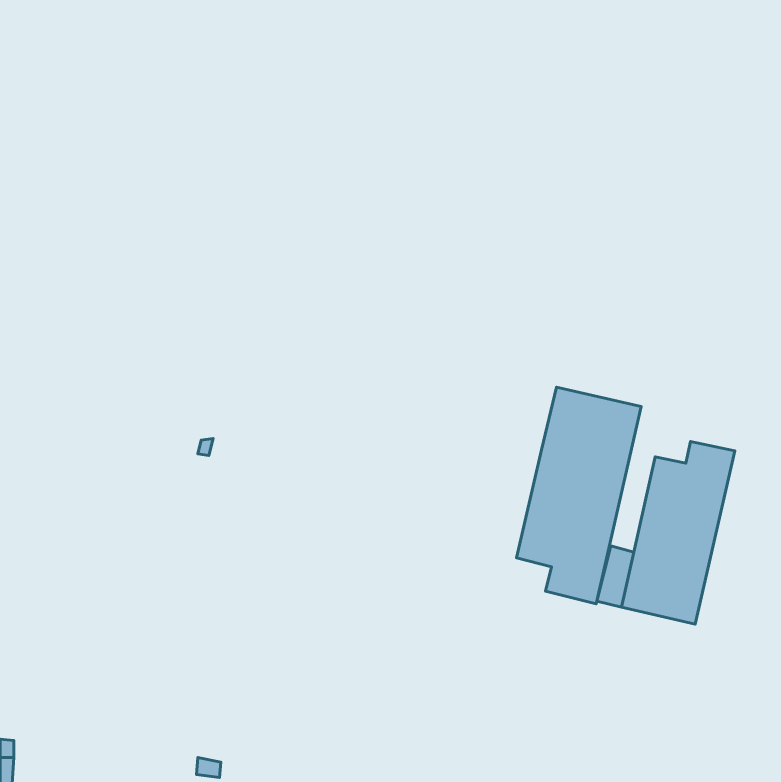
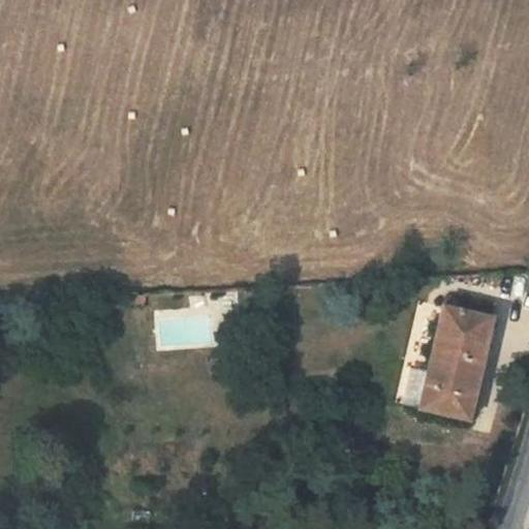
building: [516,387,641,604] -> none

